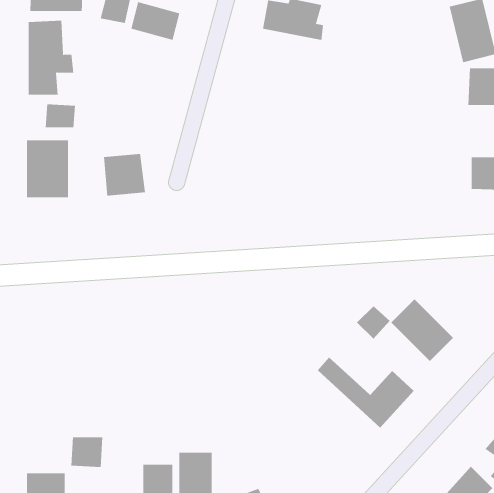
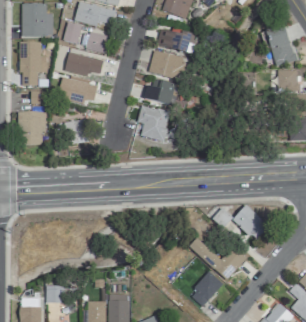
building: none -> [65,51,104,76]
building: none -> [150,51,186,78]
building: none -> [58,74,99,103]
building: none -> [147,78,176,105]
building: none -> [135,105,171,141]
building: none -> [190,271,224,306]

